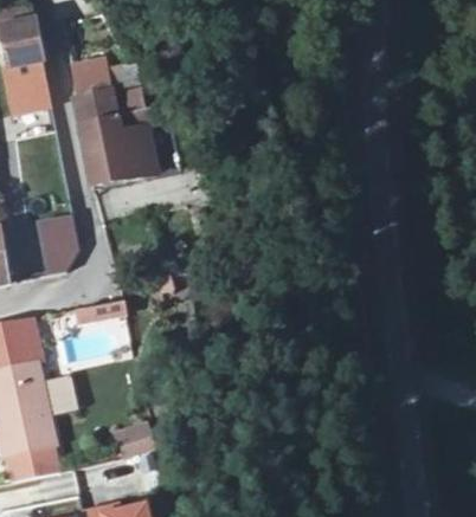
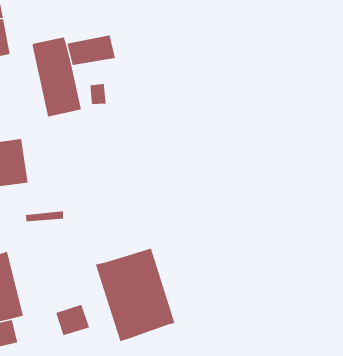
building: [73,58,117,97] -> none
building: none -> [95,248,175,342]

